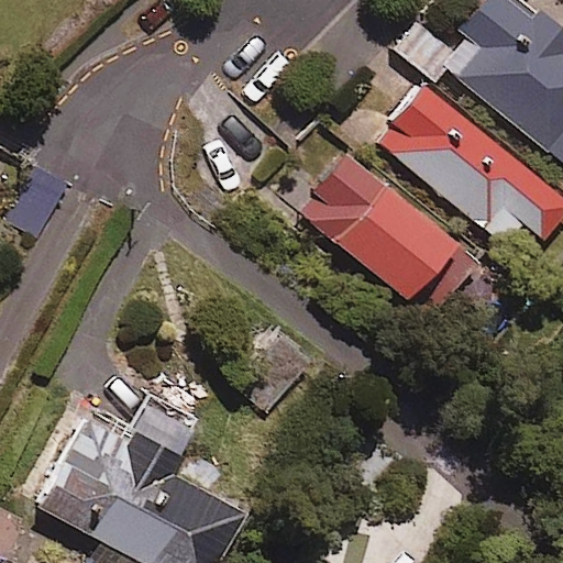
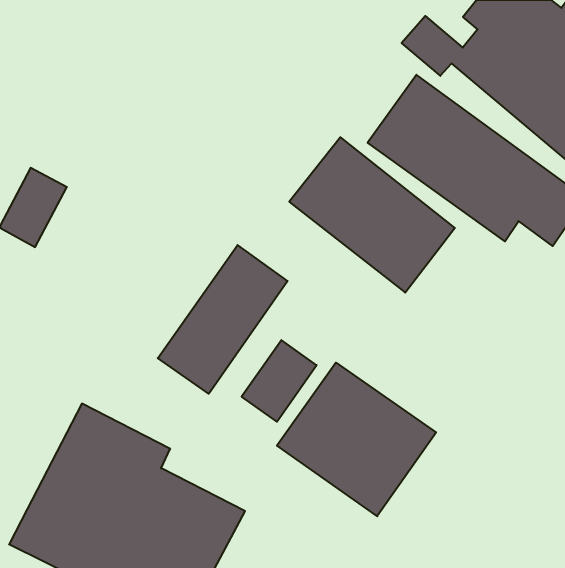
building: none -> [158,245,288,394]
building: none -> [277,363,436,516]

